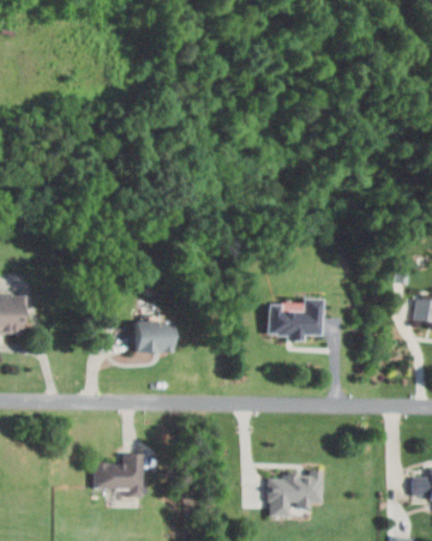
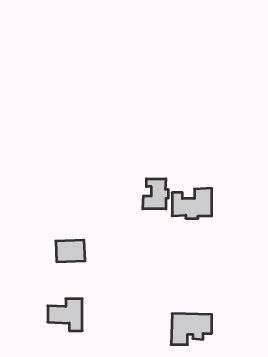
building: none -> [143,179,168,209]
building: [132,319,173,349] -> [56,240,85,262]

